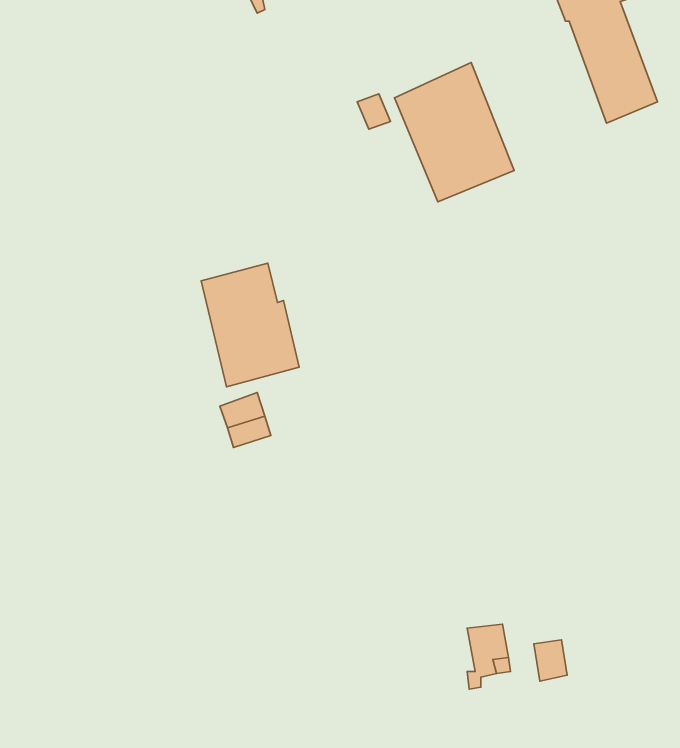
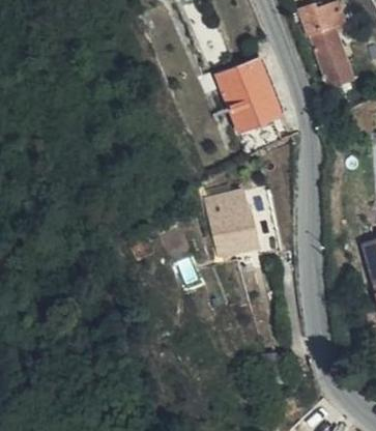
building: [201,263,299,387] -> [205,191,257,256]

